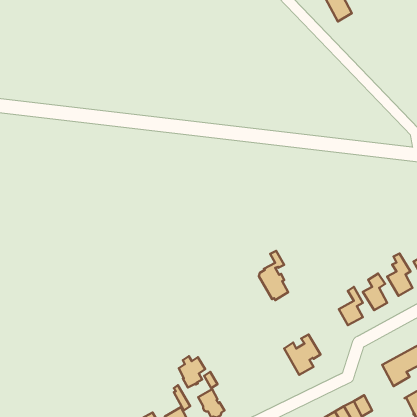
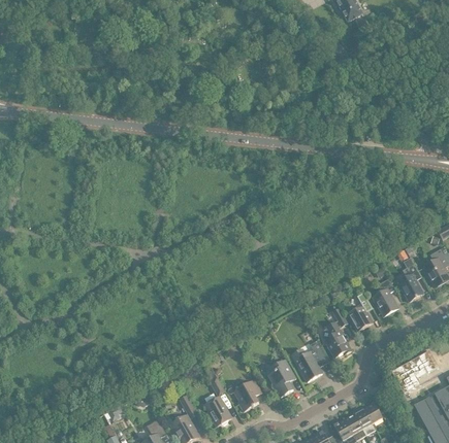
building: [259,251,288,300] -> [321,309,351,360]
building: none -> [268,361,293,397]
building: [179,356,205,388] -> [234,379,261,411]

